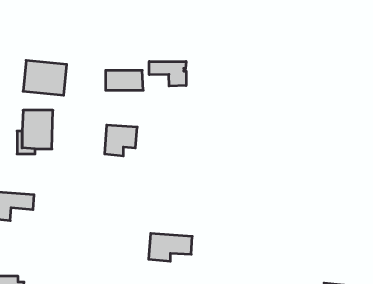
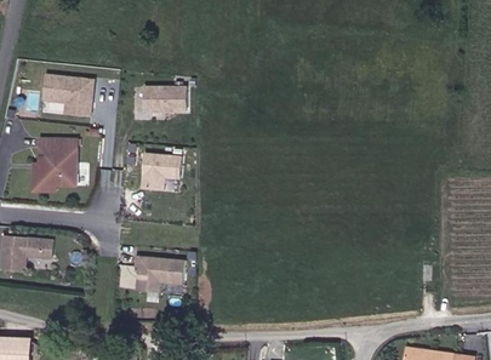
building: [149,61,186,86] -> none
building: [149,233,192,261] -> [131,258,184,292]

